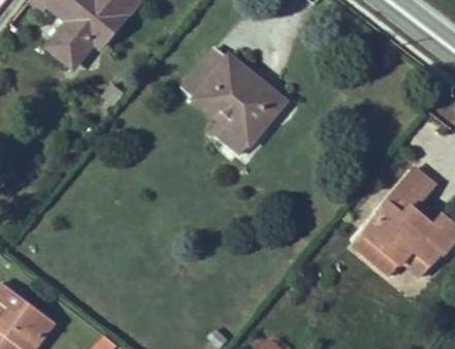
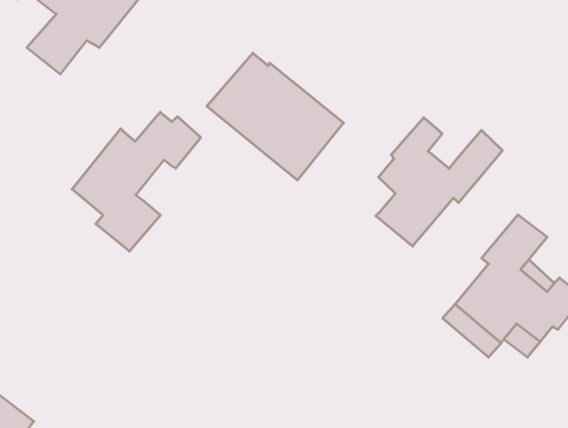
building: none -> [72,112,201,251]
building: none -> [376,118,502,246]

